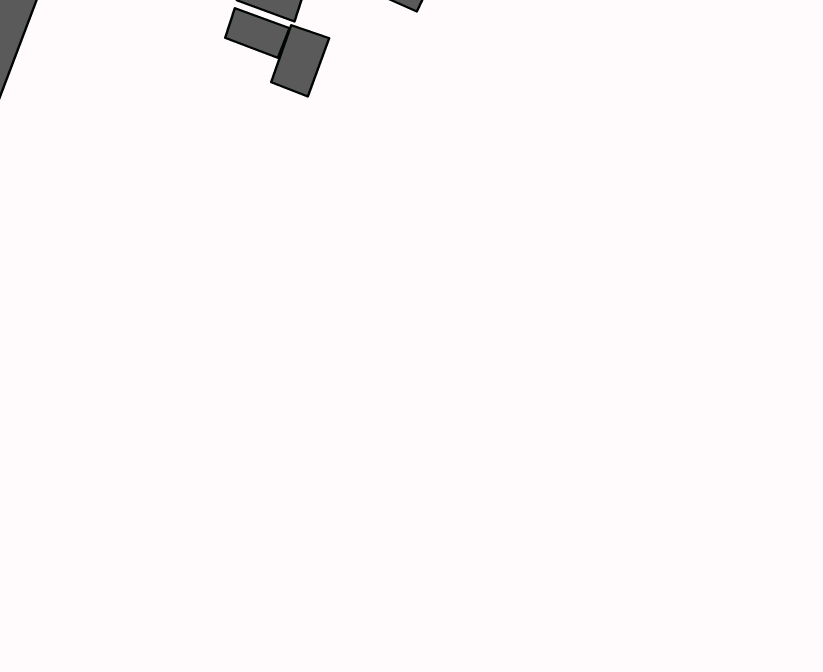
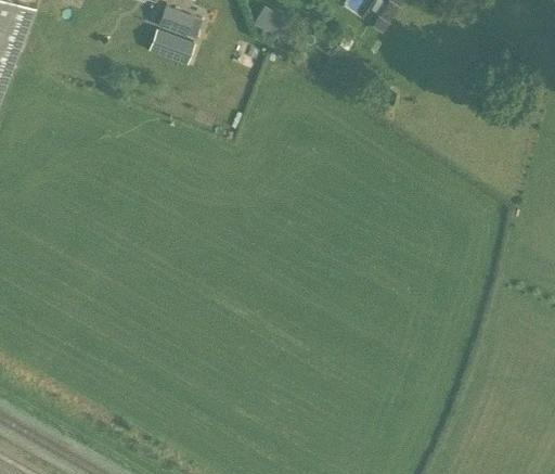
building: [271,25,329,96] -> none

